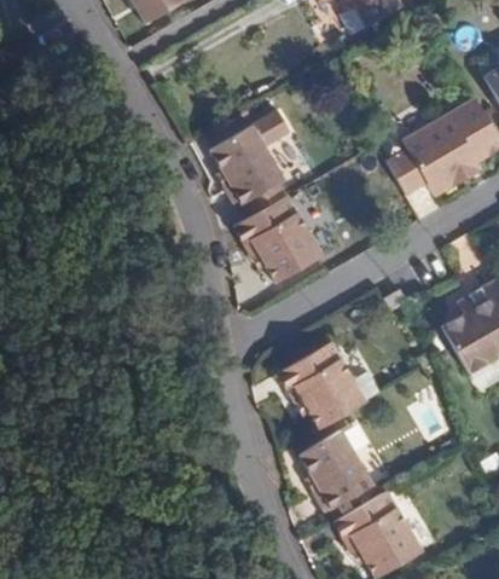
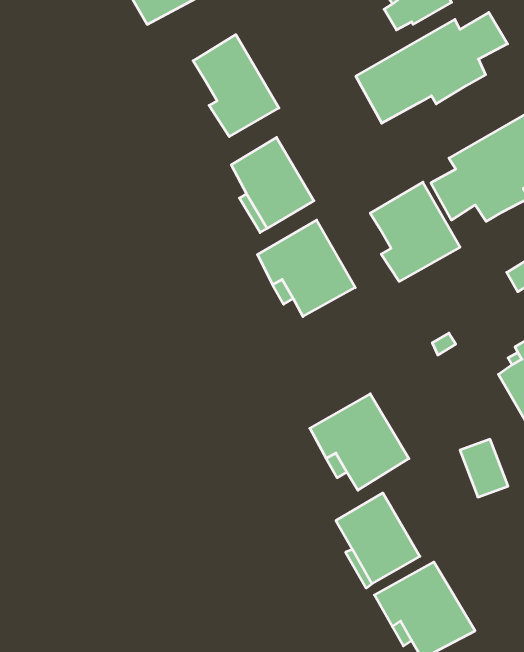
building: none -> [356,12,508,123]
building: none -> [193,35,279,137]
building: none -> [370,182,460,281]

